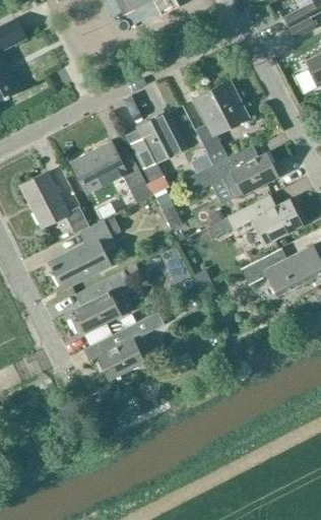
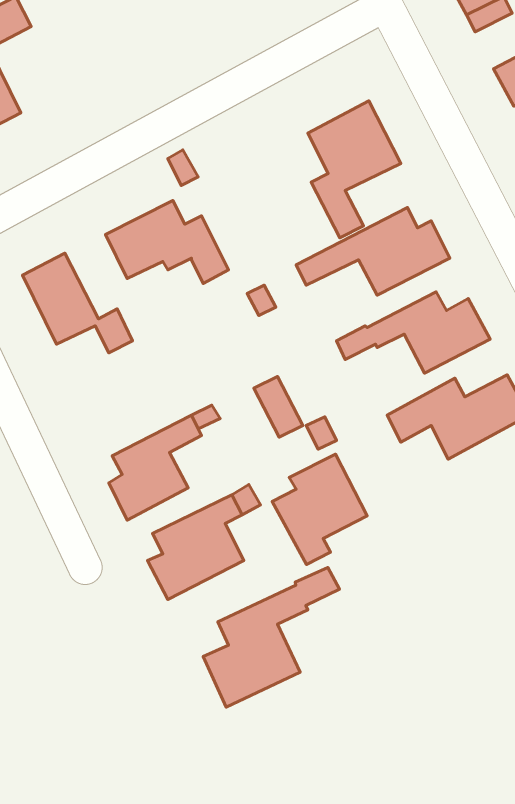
building: [131,114,184,182] -> none
building: [50,216,122,288] -> none
building: none -> [272,454,367,565]
building: none -> [203,567,339,707]

